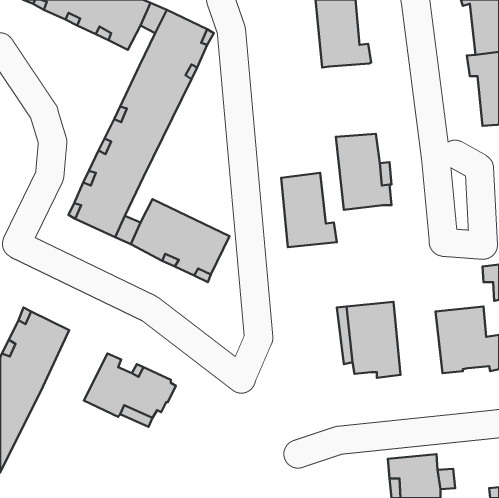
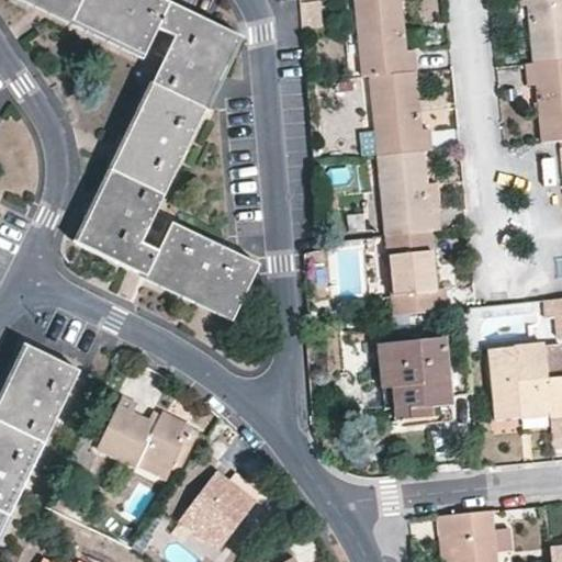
building: none -> [370,71,434,154]
building: [281,173,337,247] -> [386,231,449,314]
building: none -> [179,472,261,550]

